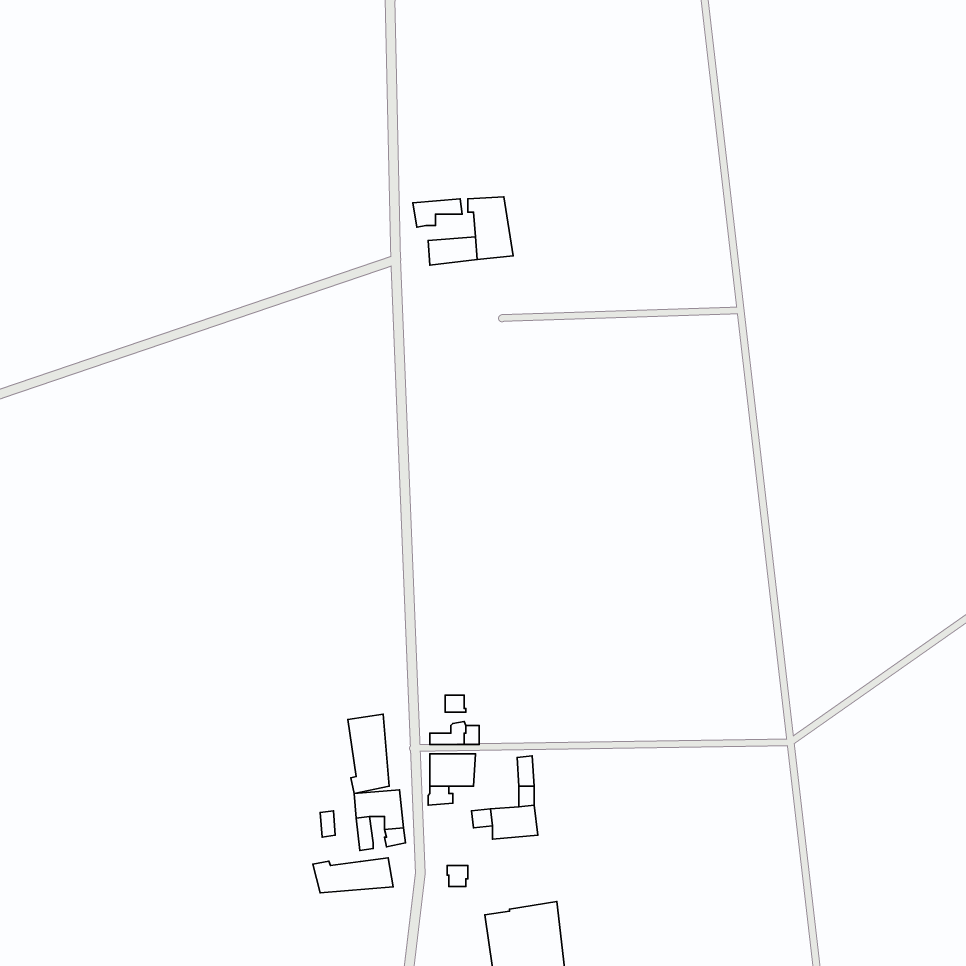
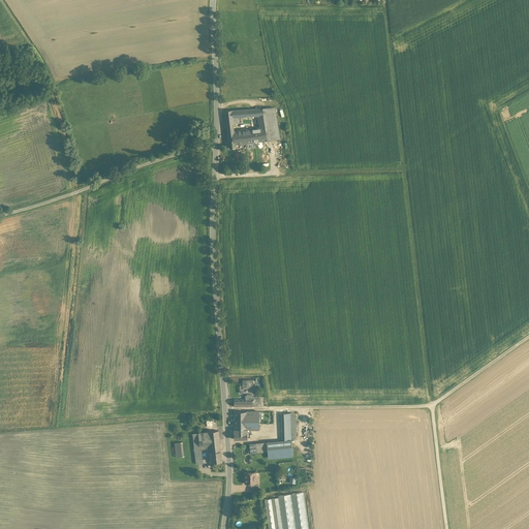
building: [348,714,389,794] -> none
building: [313,858,393,893] -> none

